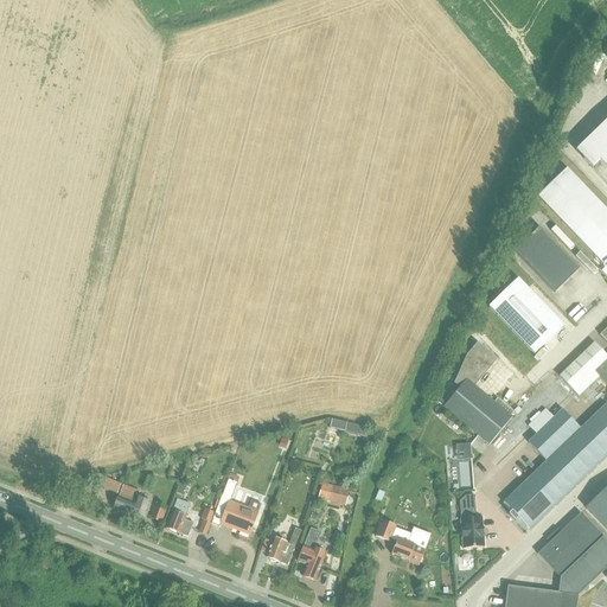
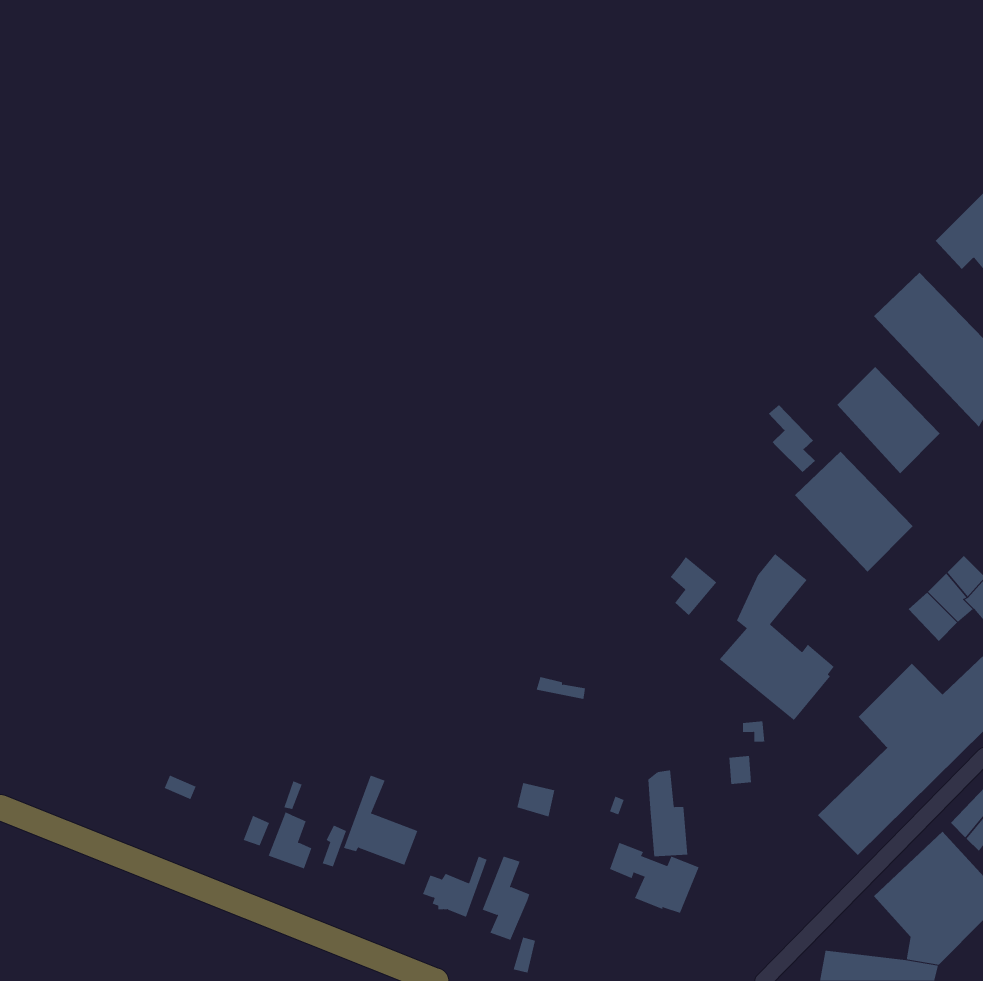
building: none -> [768,404,816,473]
building: none -> [670,556,717,616]
building: [115,484,151,518] -> none
building: [460,493,485,547] -> [648,770,688,857]

